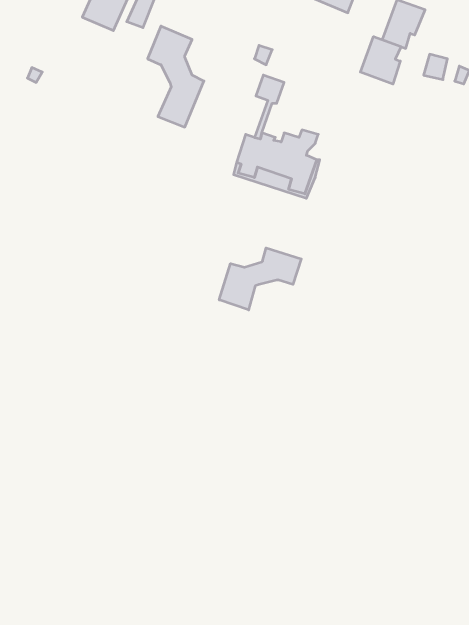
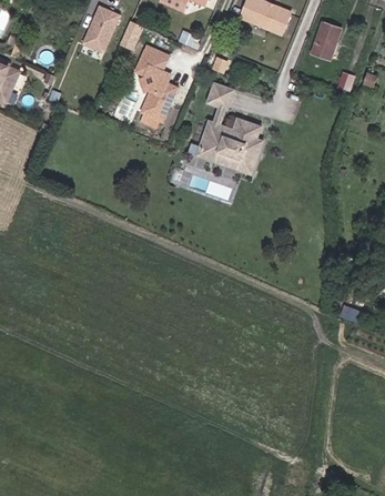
building: [360,37,401,84] -> none
building: [219,248,301,310] -> none

